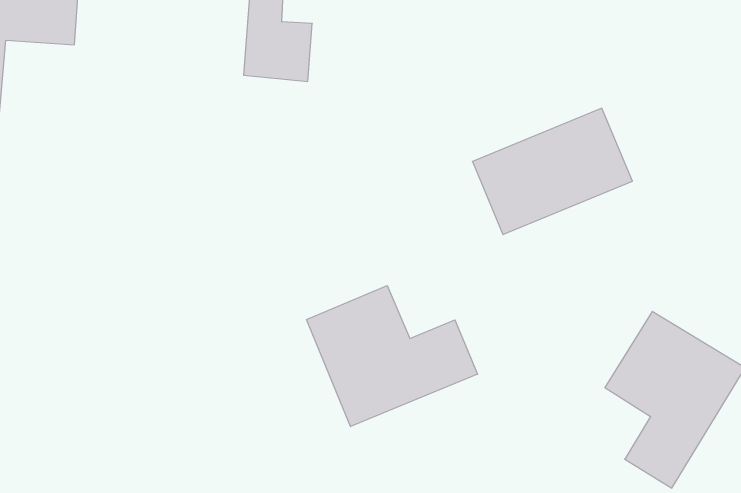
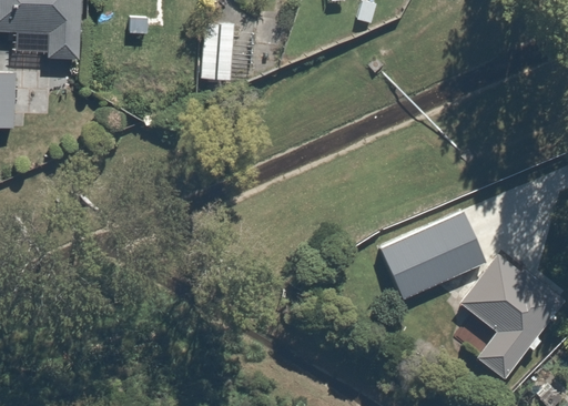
building: [472,108,632,235] -> [375,204,491,296]
building: [307,286,478,427] -> none

